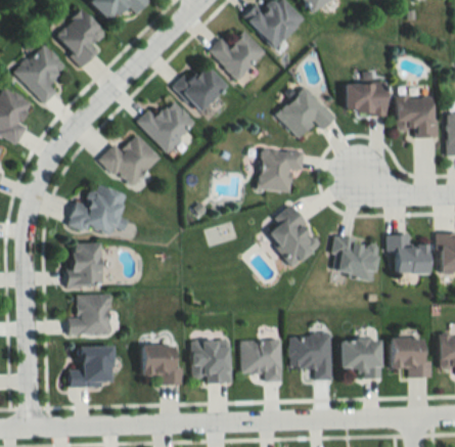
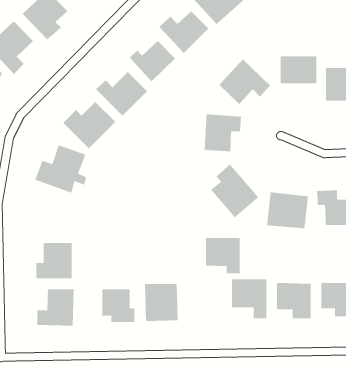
building: [70,242,102,285] -> none
building: [241,340,281,381] -> [205,238,240,274]

